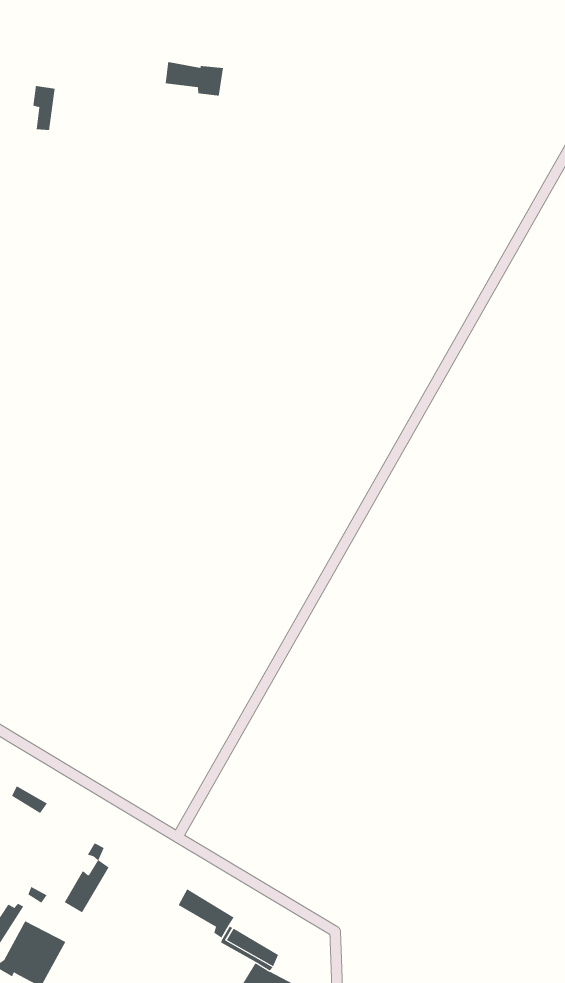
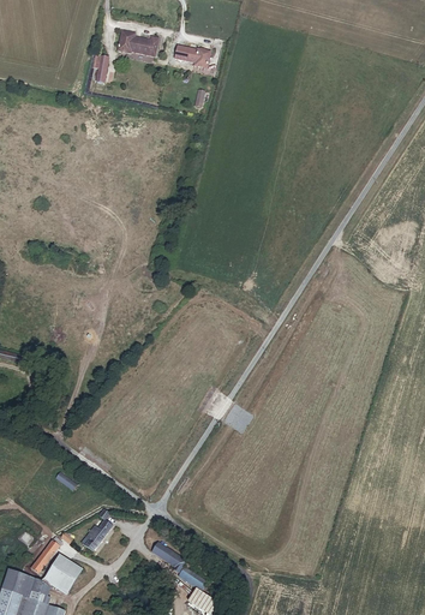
building: none -> [116,29,158,54]

